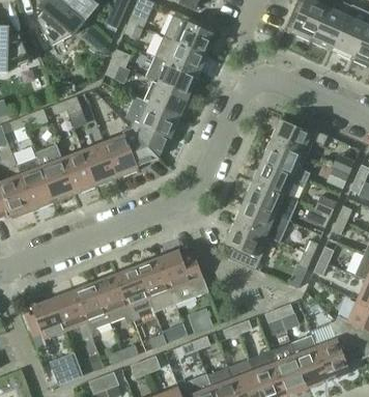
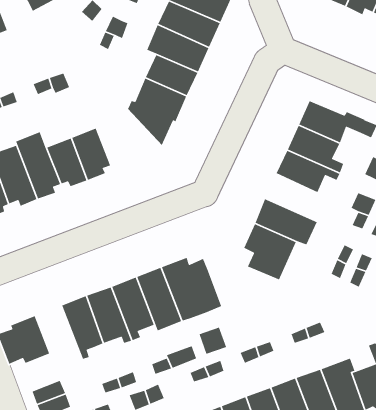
building: [103,126,158,176] -> none
building: [243,180,296,221] -> none
building: [52,290,91,339] -> none

